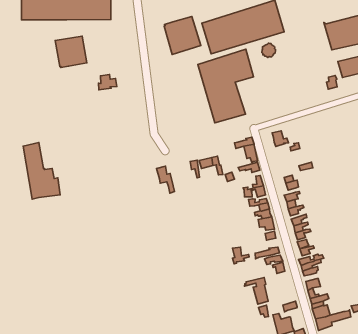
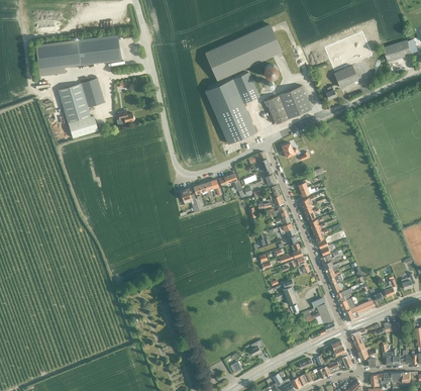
building: [164,16,201,54] -> none
building: none -> [266,86,311,125]
building: [23,143,60,199] -> [59,86,98,138]

